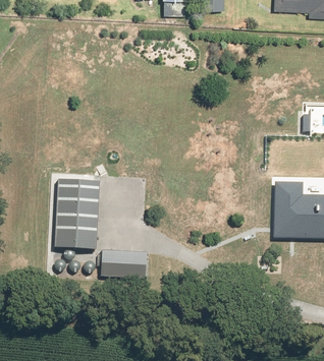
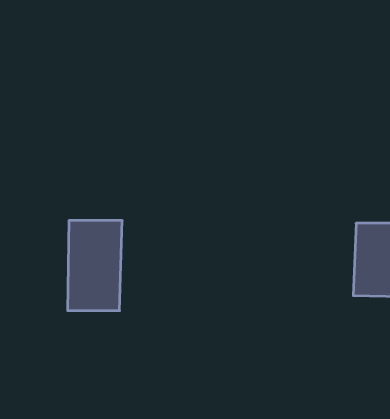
building: [104,253,150,279] -> none

